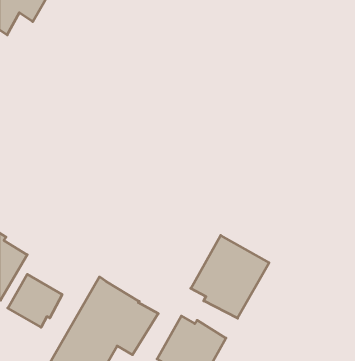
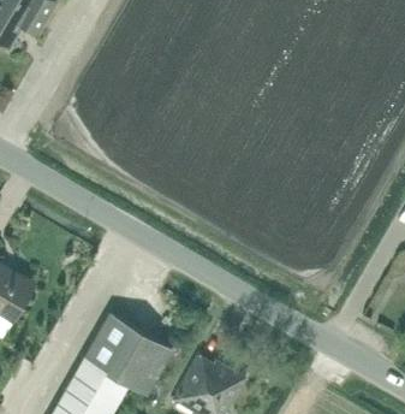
building: [191,235,269,318] -> none
building: [8,274,62,327] -> none

